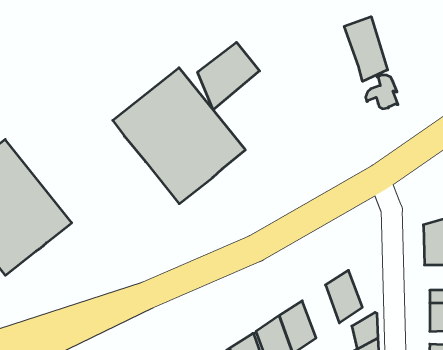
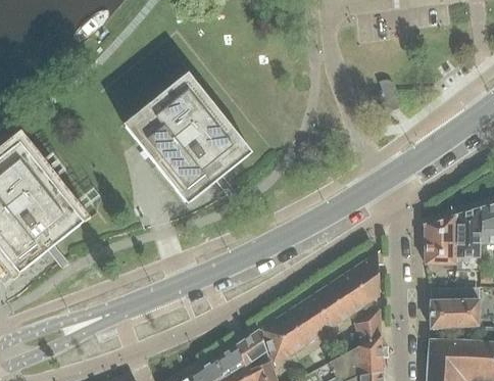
building: [344,17,388,81] -> none
building: [198,42,260,110] -> none
building: none -> [352,249,383,304]
building: none -> [307,283,343,334]

